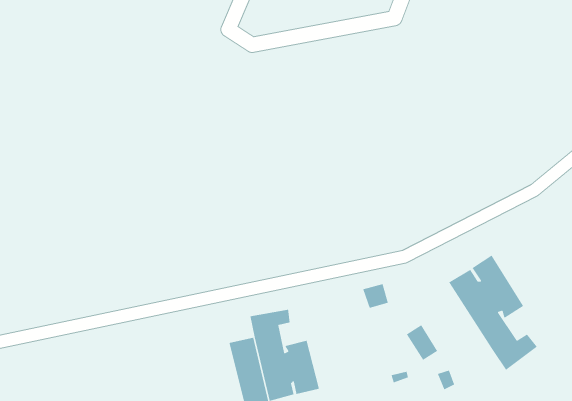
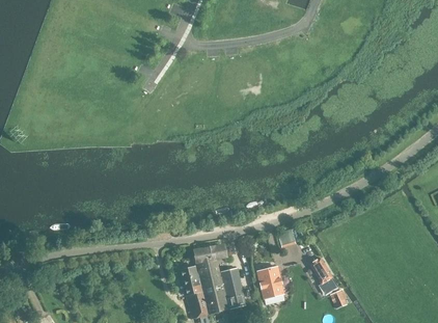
building: [448,254,538,371] -> none
building: none -> [253,267,283,298]

